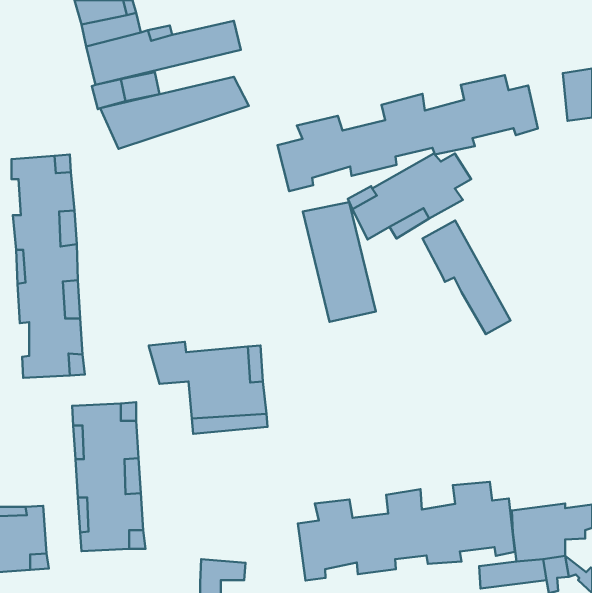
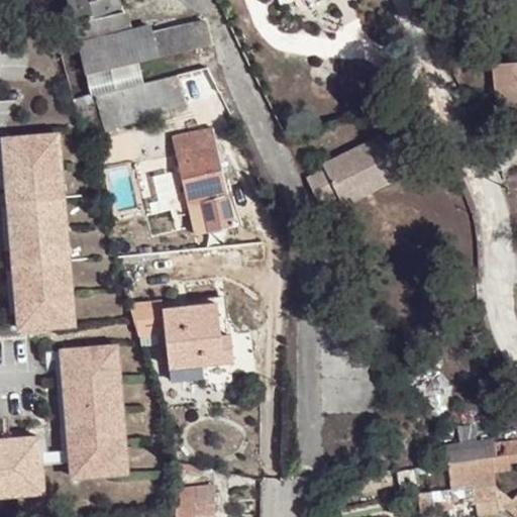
building: [277,75,538,191] -> none
building: [303,202,376,322] -> [170,129,233,233]
building: [422,220,510,334] -> none
building: [298,482,515,581] -> none

